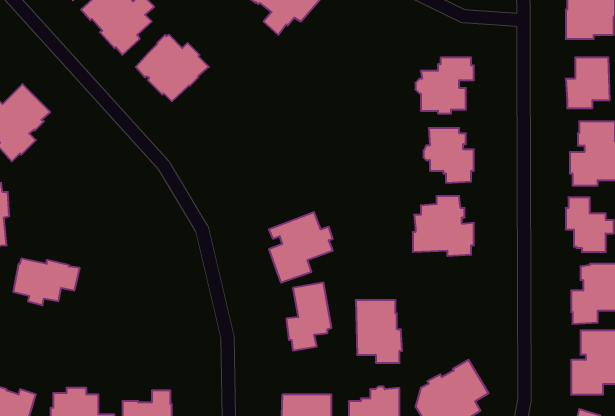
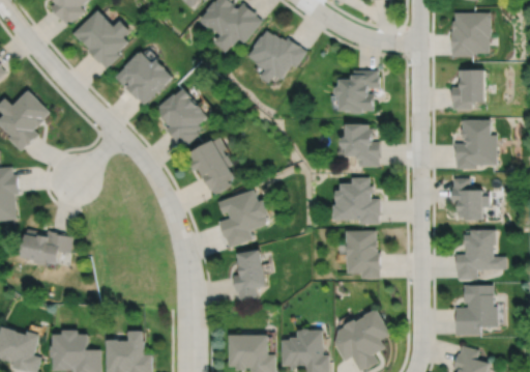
building: none -> [249,30,306,84]
building: none -> [157,89,207,148]
building: none -> [192,139,234,196]
building: [356,300,402,363] -> [344,228,380,277]

